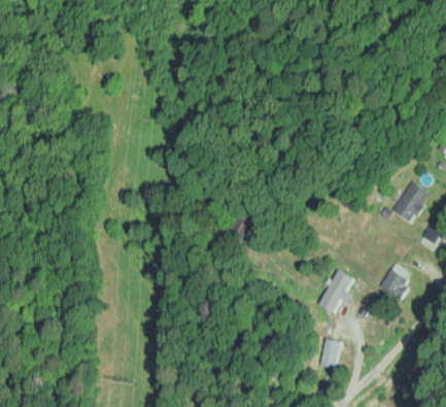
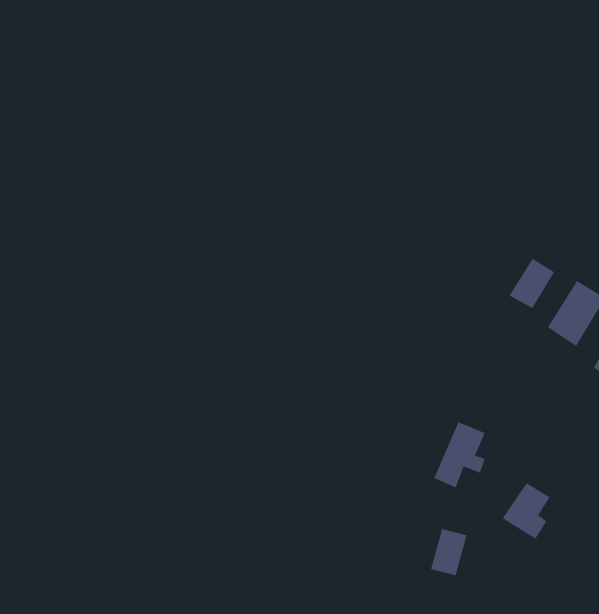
building: none -> [509,258,555,309]
building: [379,264,410,300] -> [502,483,551,539]

